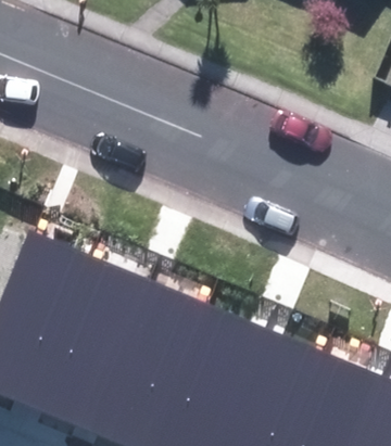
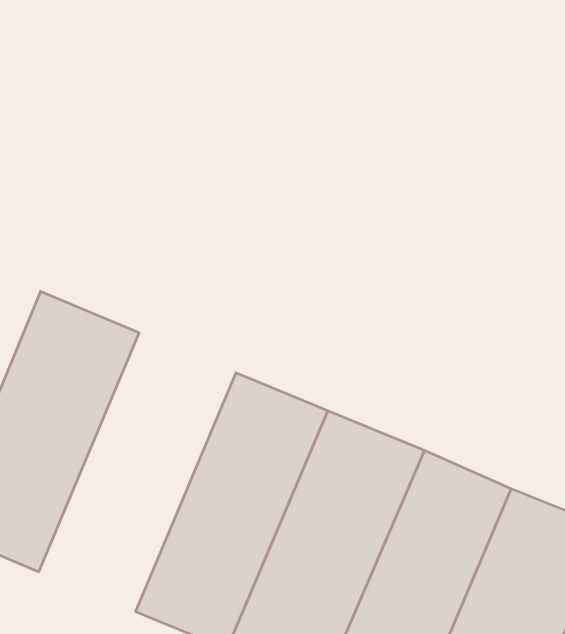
building: [26,253,150,428] -> none

